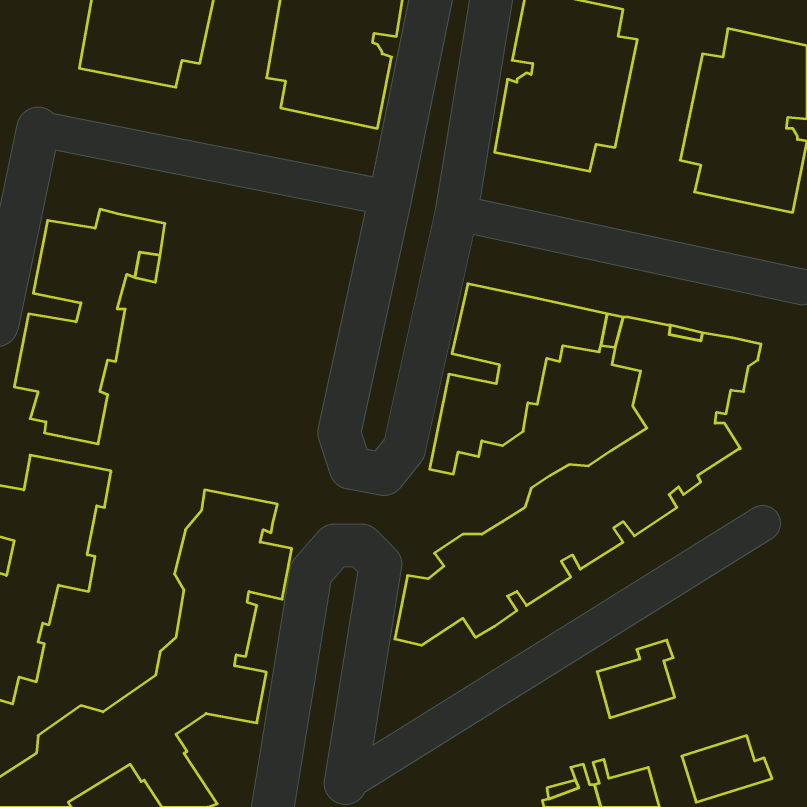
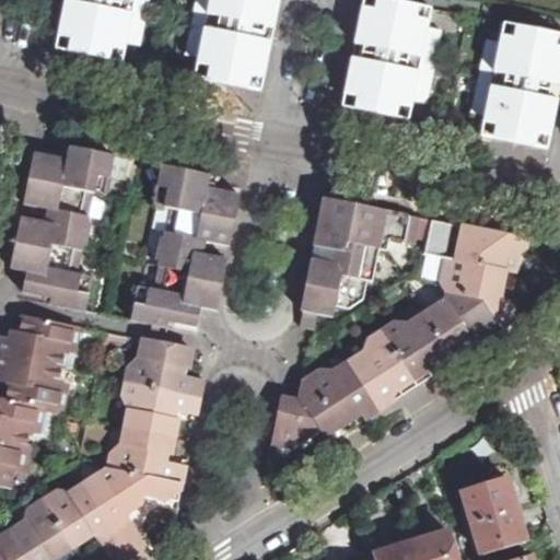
building: none -> [130,163,238,332]
building: [597,640,675,718] -> [462,468,515,522]

